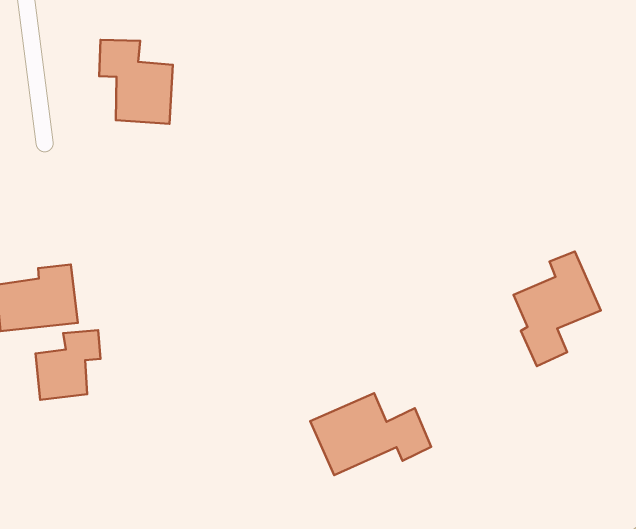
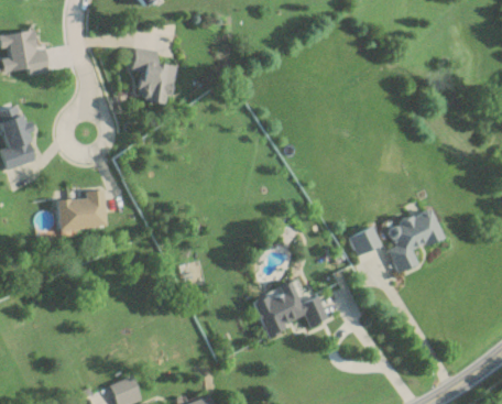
building: none -> [349,226,382,256]
building: [35,330,100,400] -> none

